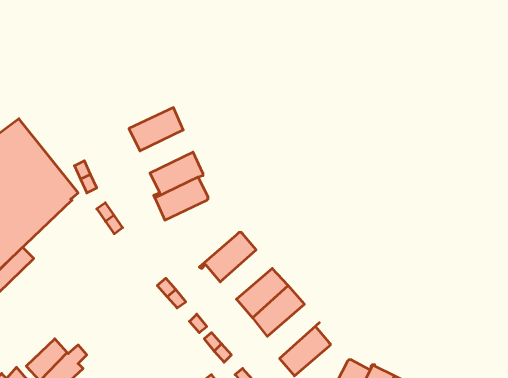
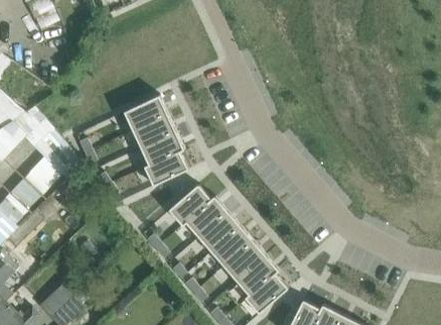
building: none -> [132,113,175,148]
building: none -> [168,185,210,225]
building: none -> [197,211,240,251]
building: none -> [236,255,278,300]

